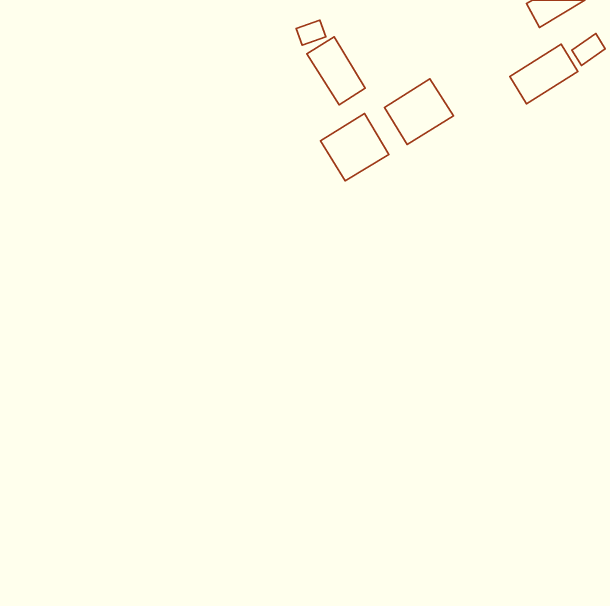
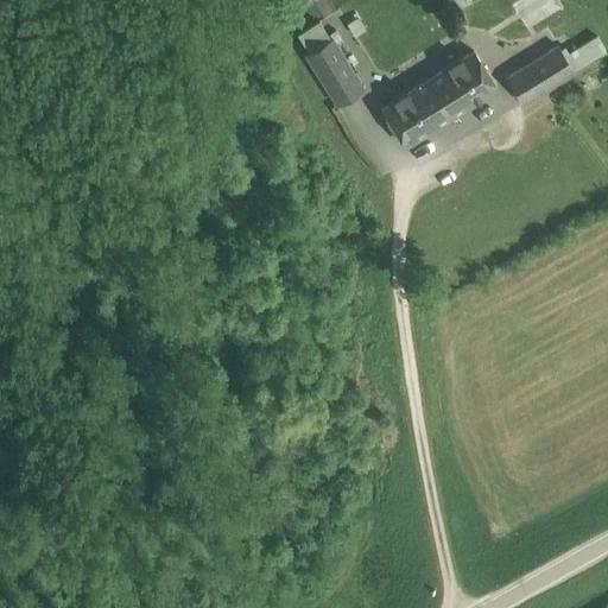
building: none -> [428,53,496,119]
building: [320,114,389,181] -> none

